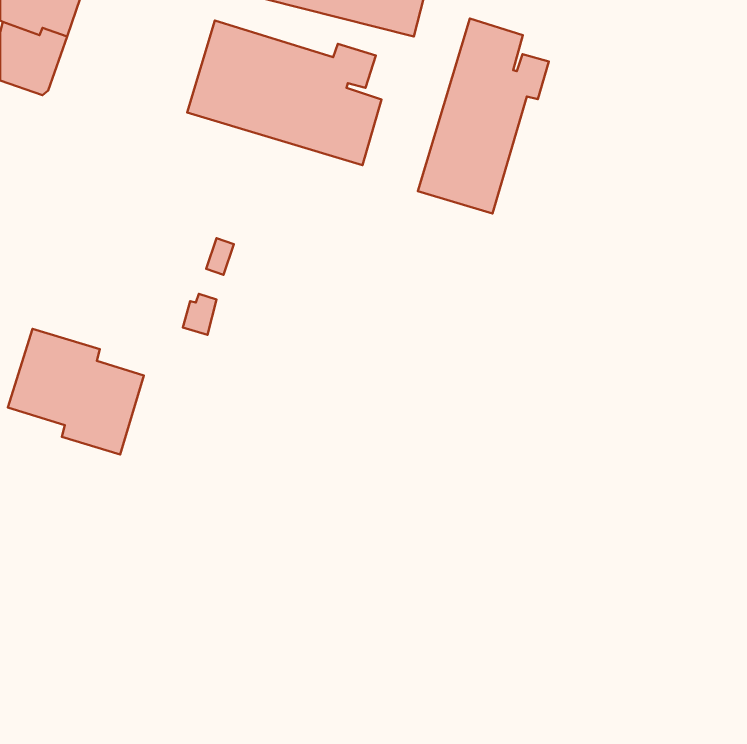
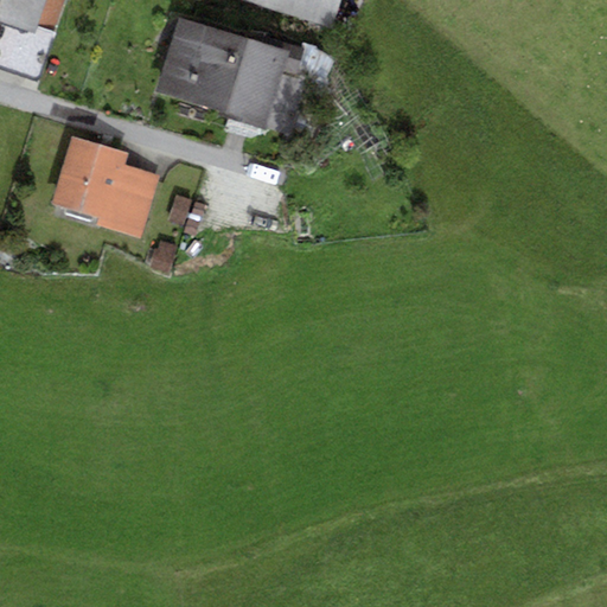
building: [418,18,549,213] -> none
building: [8,329,144,454] -> [52,135,162,237]

